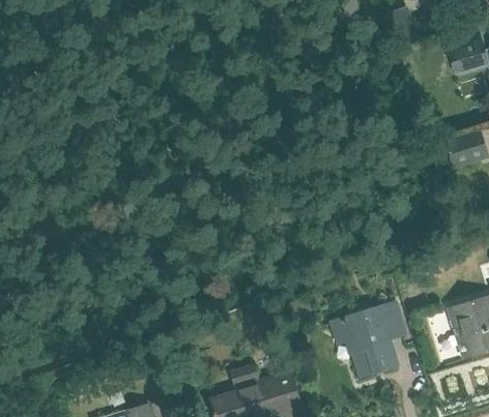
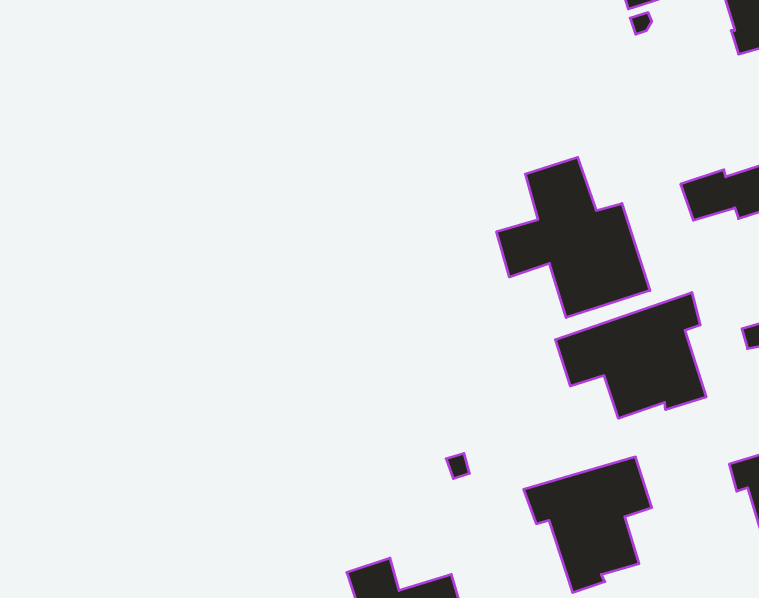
building: none -> [497,157,650,318]
building: none -> [555,292,706,418]

